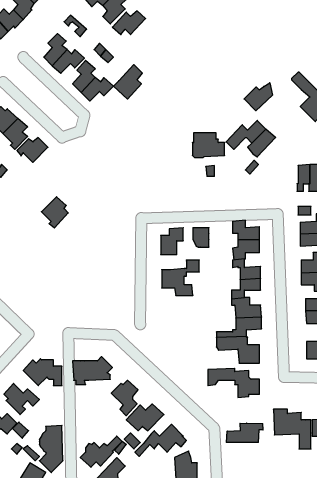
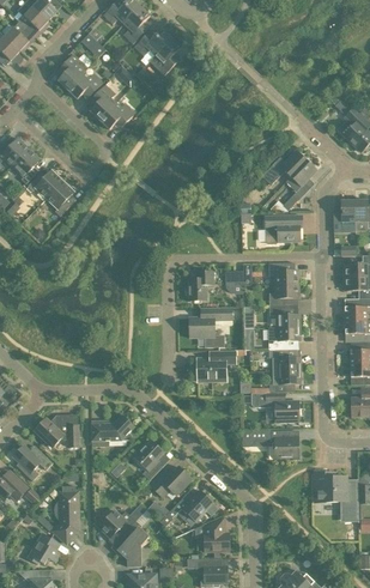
building: [113,65,142,99] -> [148,37,181,75]
building: [244,83,273,111] -> none
building: [192,133,225,158] -> [263,216,299,243]
building: [41,197,68,228] -> [46,181,75,216]
building: none -> [196,351,235,381]
building: [226,423,263,442] -> none

